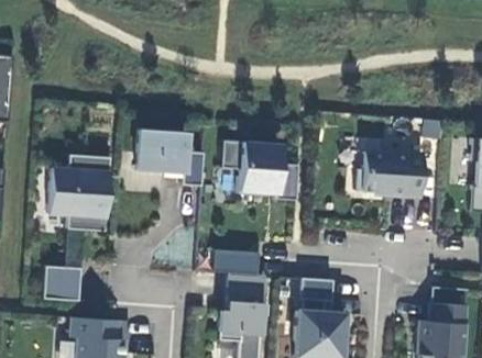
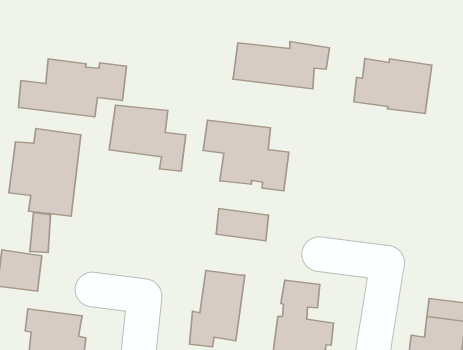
building: none -> [233,42,330,89]
building: none -> [18,59,126,117]
building: [357,150,425,198] -> [354,59,432,114]
building: [217,249,263,276] -> [216,209,269,241]

